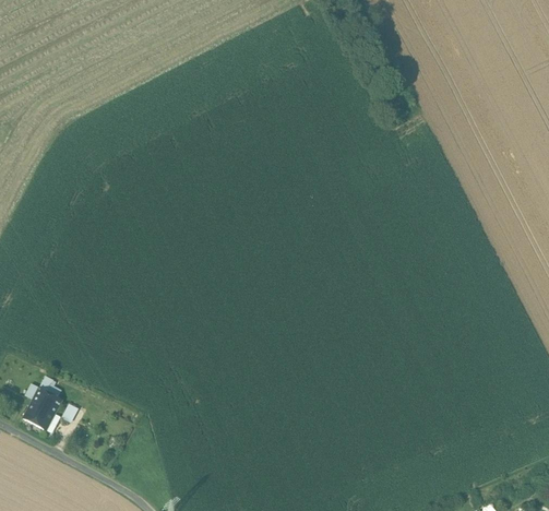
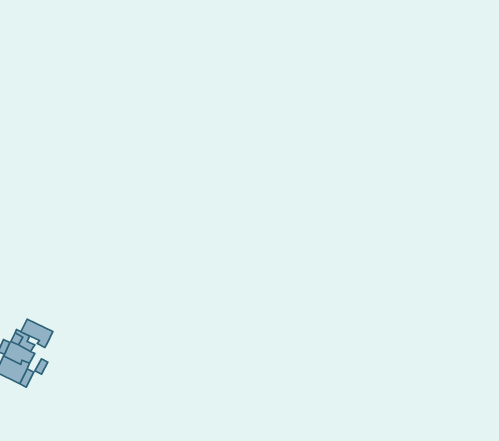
building: none -> [21,319,53,347]

